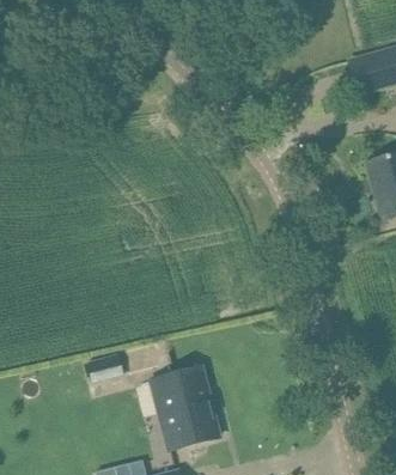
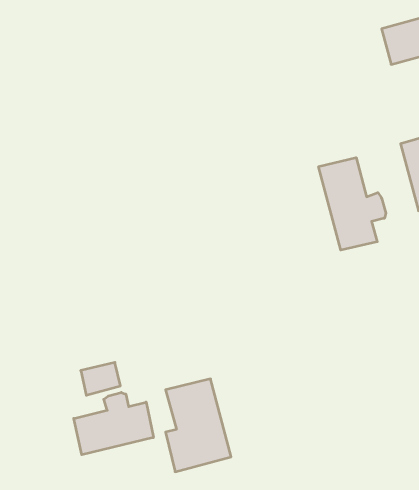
building: none -> [319,158,386,250]
building: none -> [74,392,153,455]

